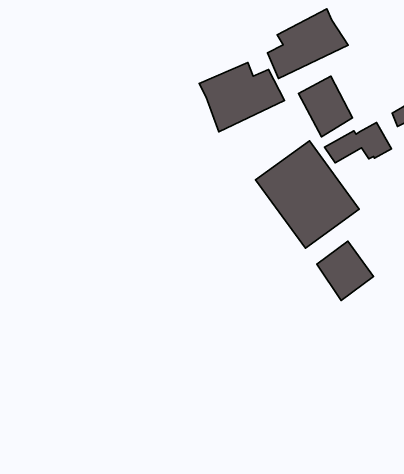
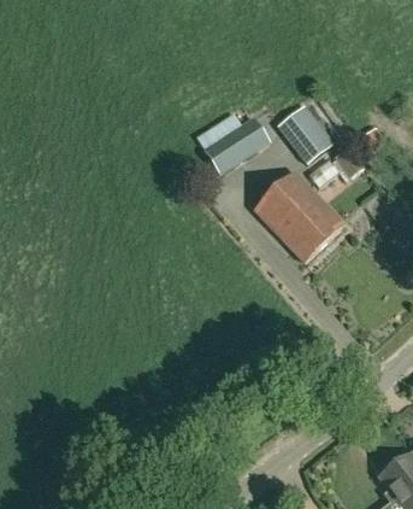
building: [267,9,348,78] -> none
building: [317,241,374,300] -> none

